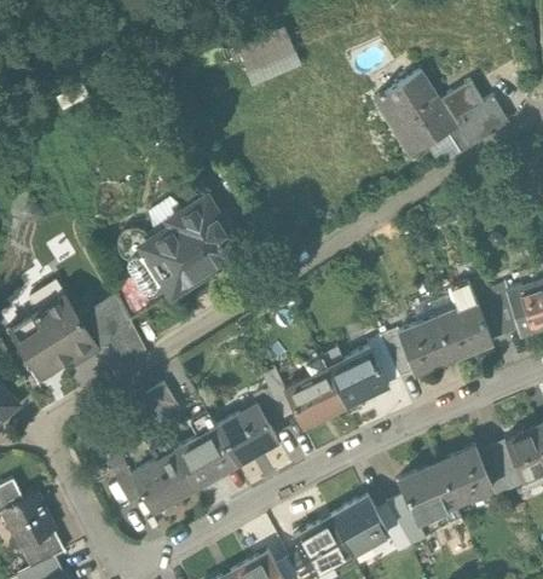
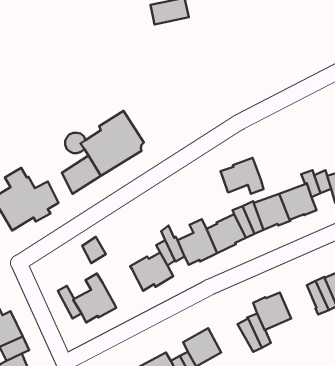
building: [372,75,507,157] -> none
building: none -> [221,158,264,194]
building: [92,290,138,351] -> none
building: [173,416,235,486] -> none
building: [435,450,491,504] -> none
building: [330,499,386,555] -> none

